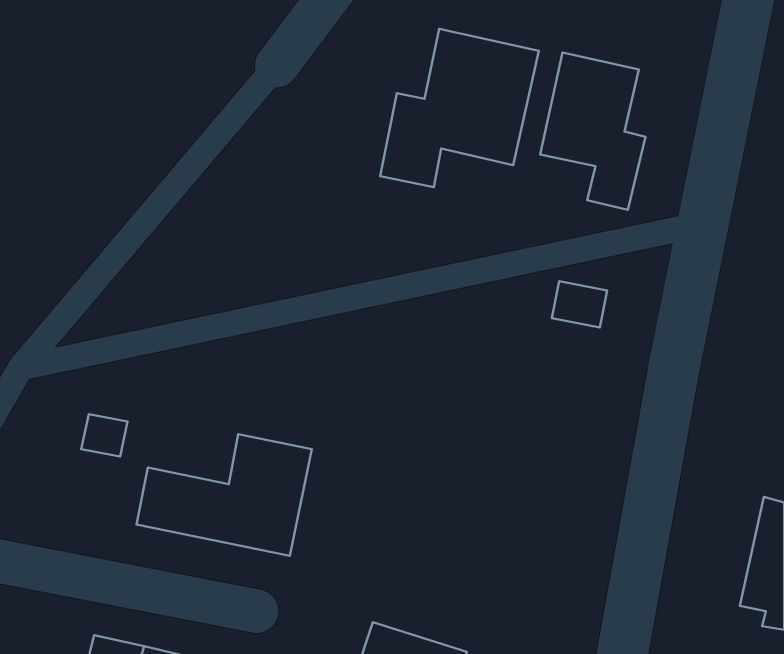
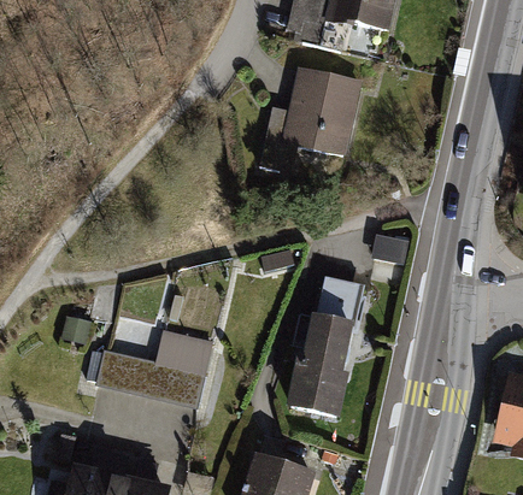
building: [540,53,645,210] -> none
building: none -> [286,272,362,417]

